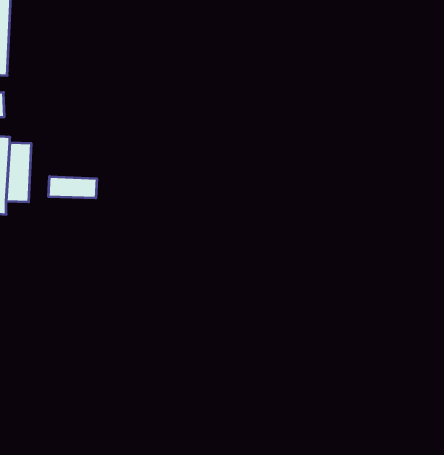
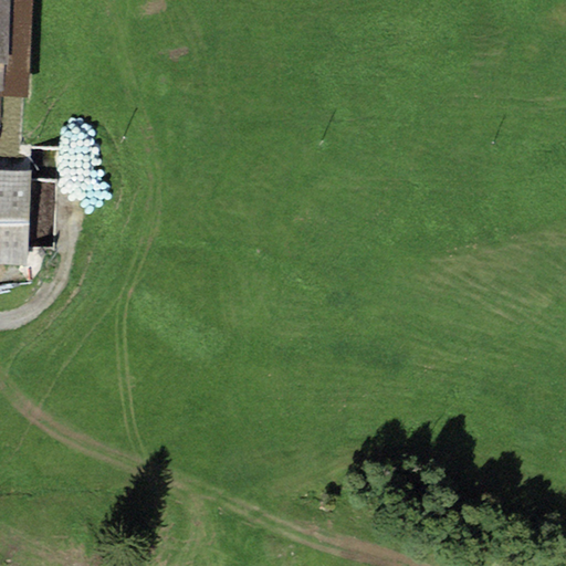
building: [49,176,97,198] -> none

